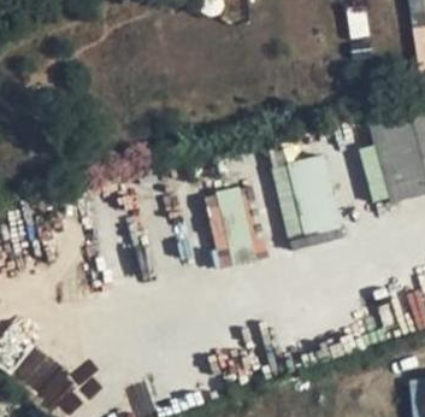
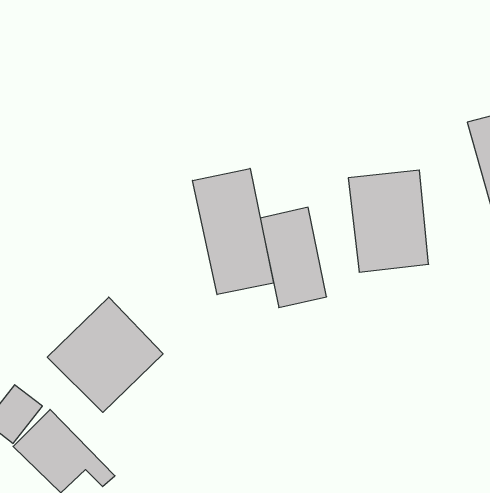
building: none -> [193,168,273,295]
building: none -> [47,297,163,412]

